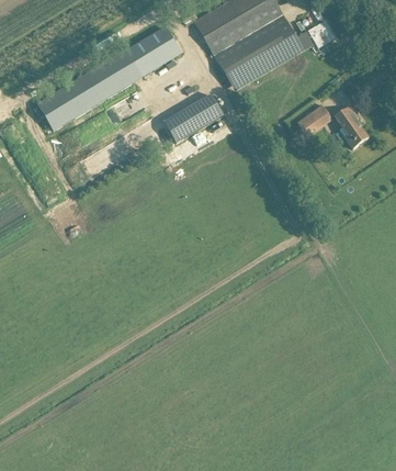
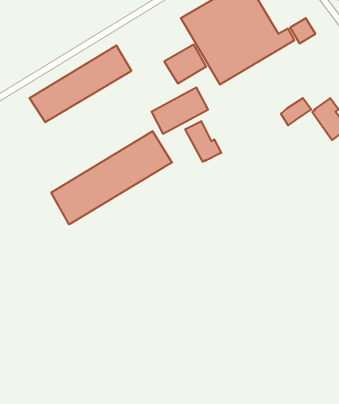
building: [140,27,184,68] -> [164,45,206,83]
building: none -> [185,121,221,162]
building: none -> [51,131,172,224]

